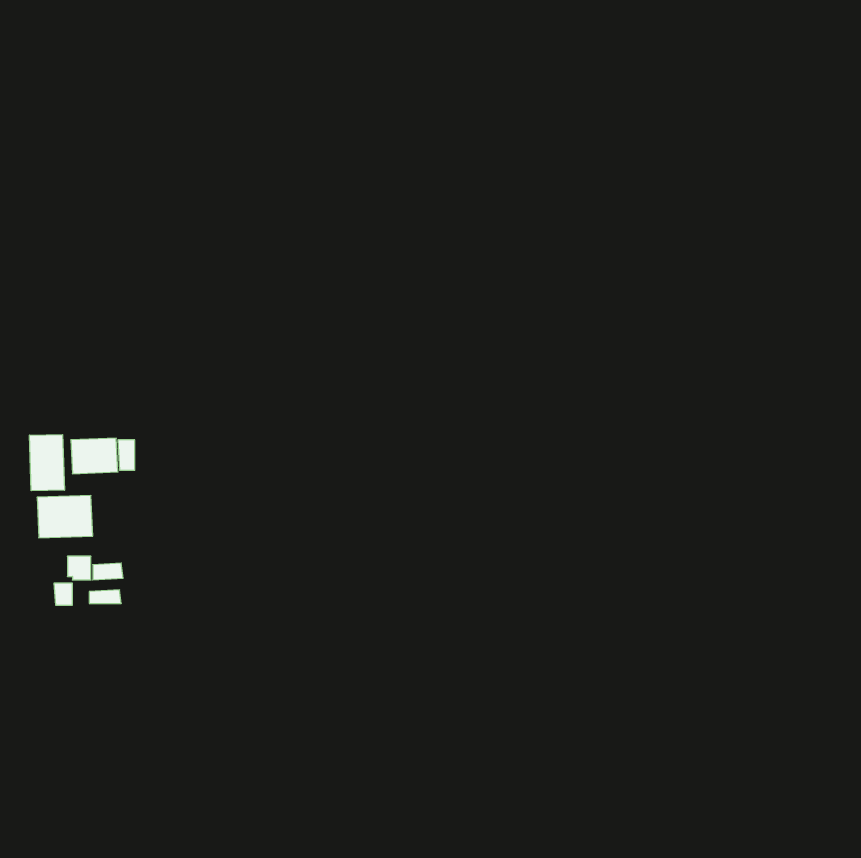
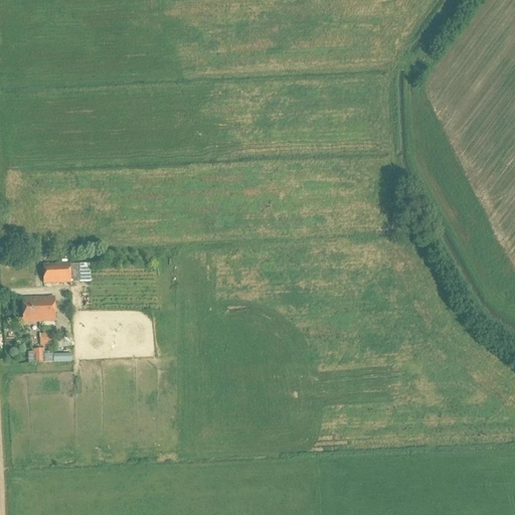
building: [30,435,64,491] -> none

